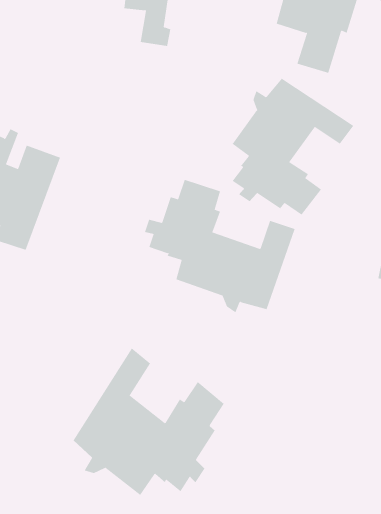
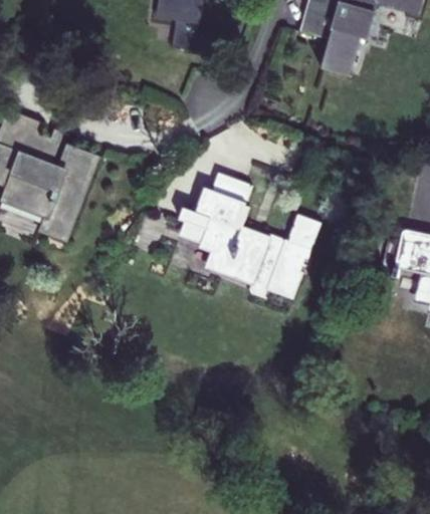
building: [232,78,354,216] -> none
building: [73,348,225,496] -> none

